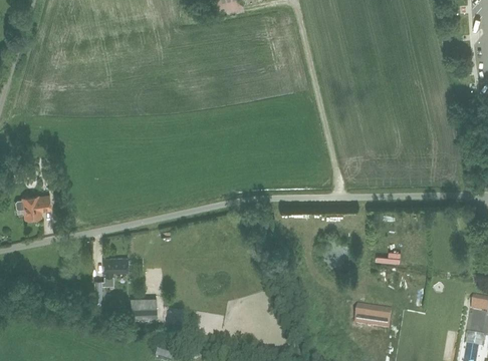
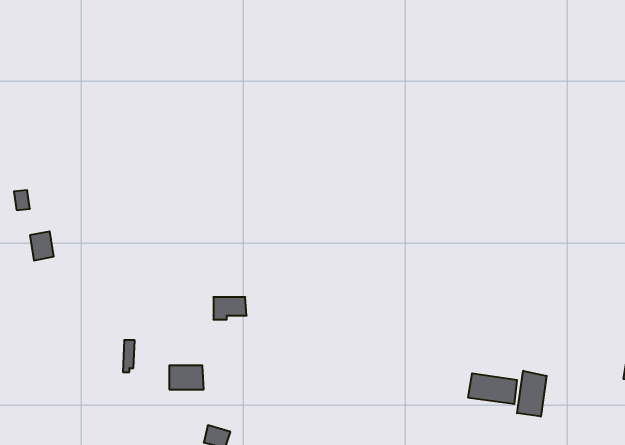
building: [104,259,130,276] -> [213,297,247,320]
building: none -> [517,371,547,417]

